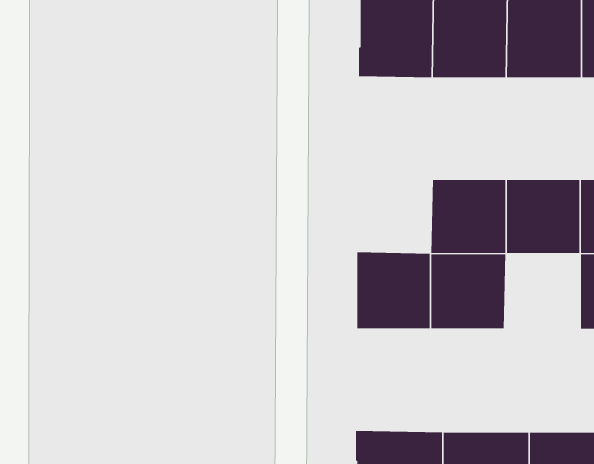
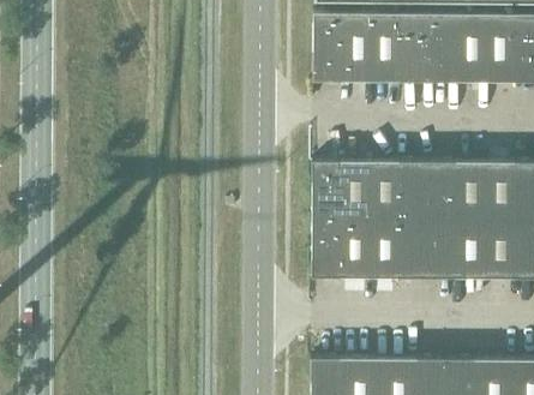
building: none -> [313,161,372,220]
building: none -> [428,220,487,279]

